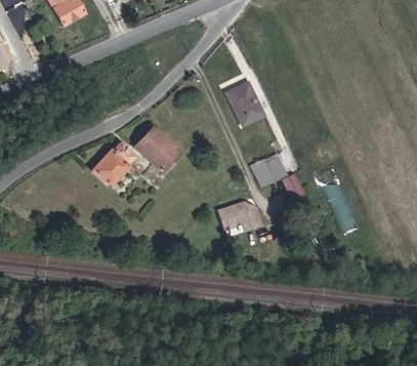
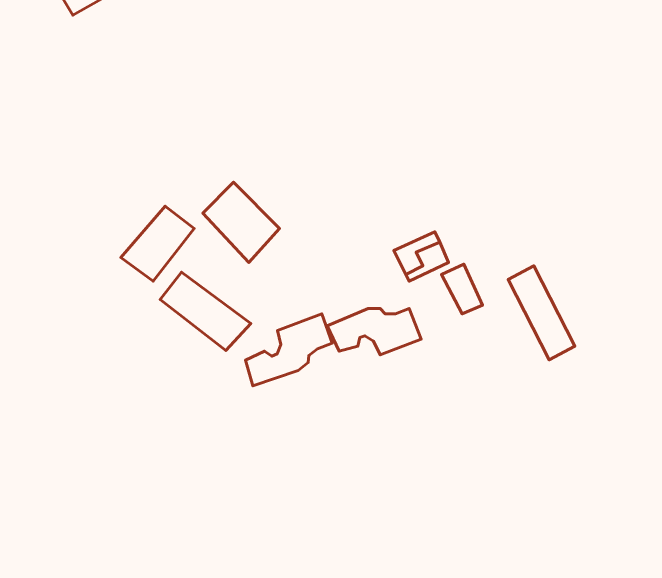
building: [225,83,263,126] -> none
building: none -> [160,272,251,350]
building: none -> [246,314,332,386]

